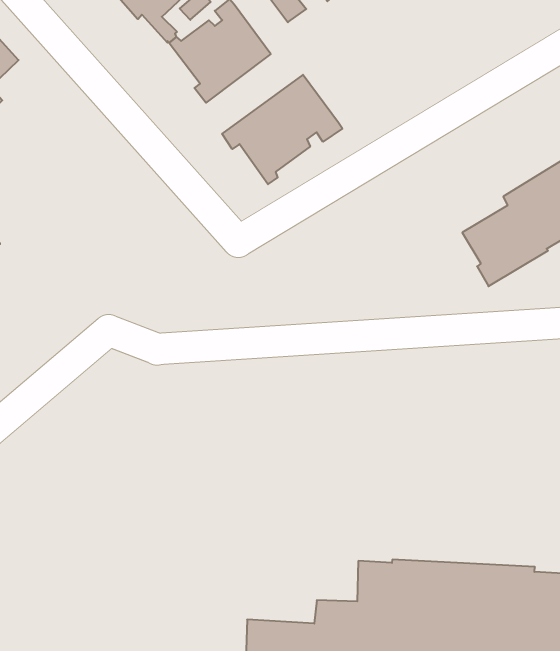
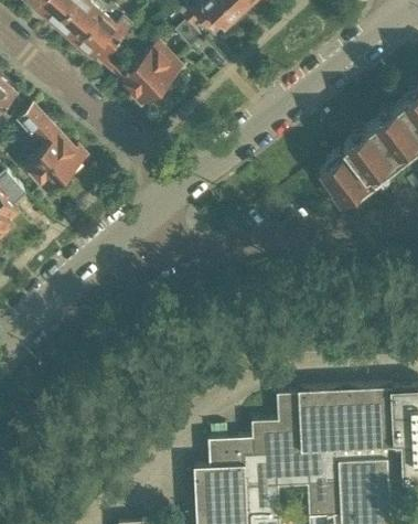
building: [222,75,342,184] -> none
building: none -> [18,106,86,193]

